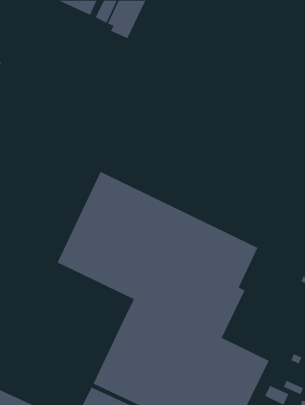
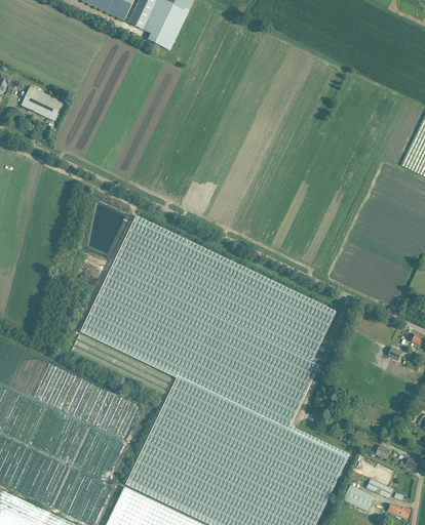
building: none -> [22,87,63,122]

